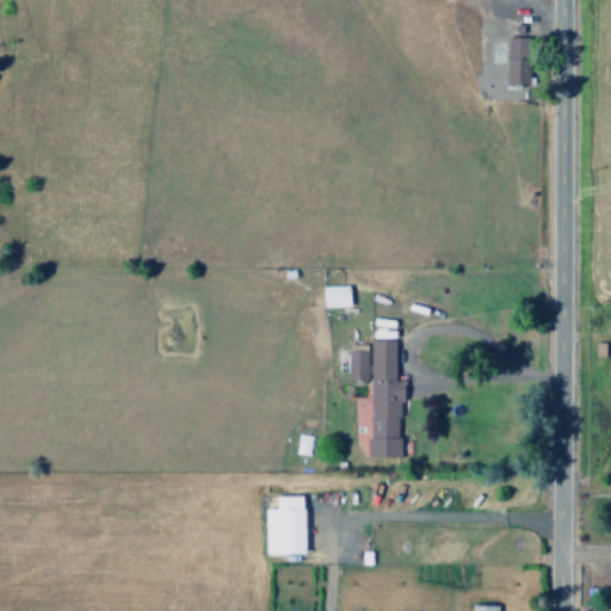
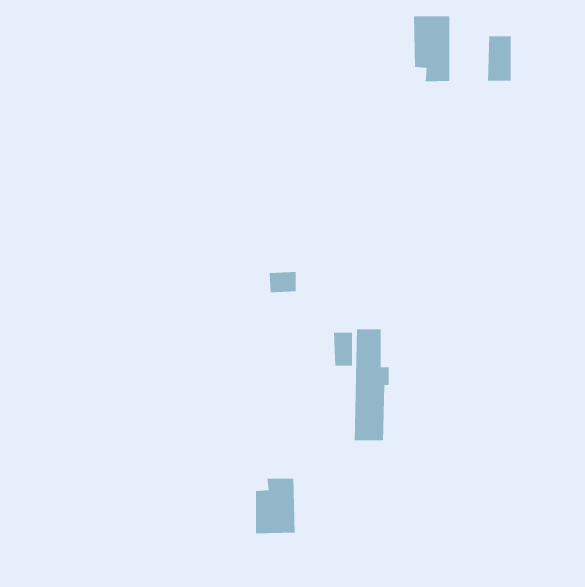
building: none -> [413,15,450,82]
building: [325,285,353,308] -> [269,271,296,293]

